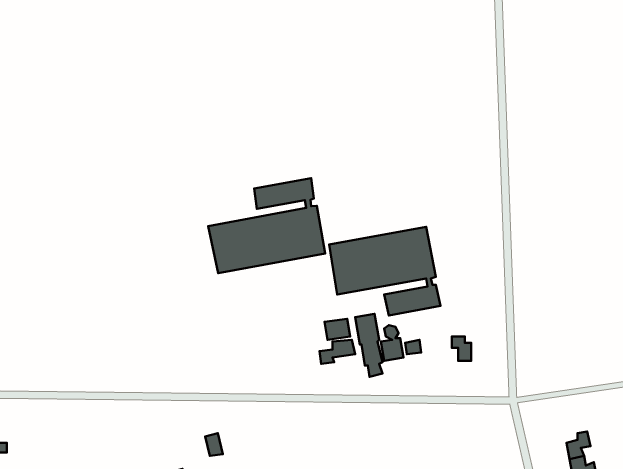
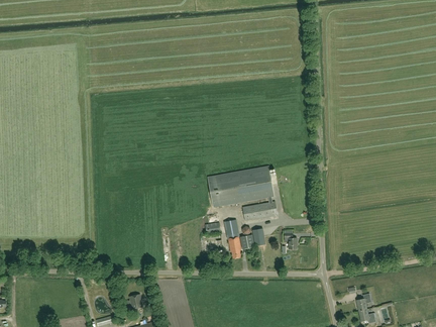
building: [208,178,325,273] -> none

